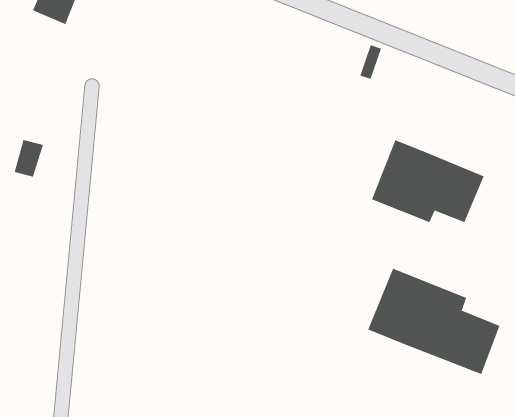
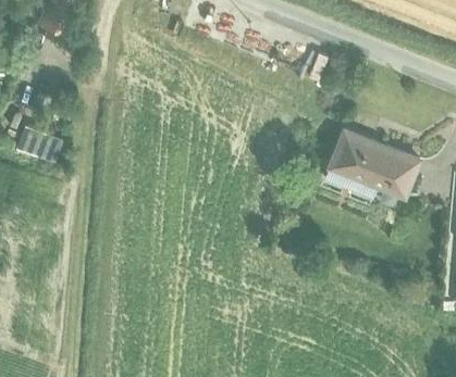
building: [367,268,500,375] -> none

